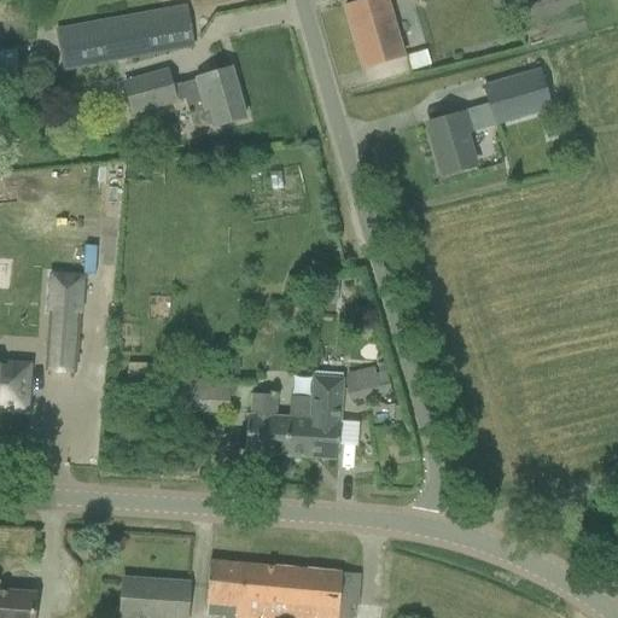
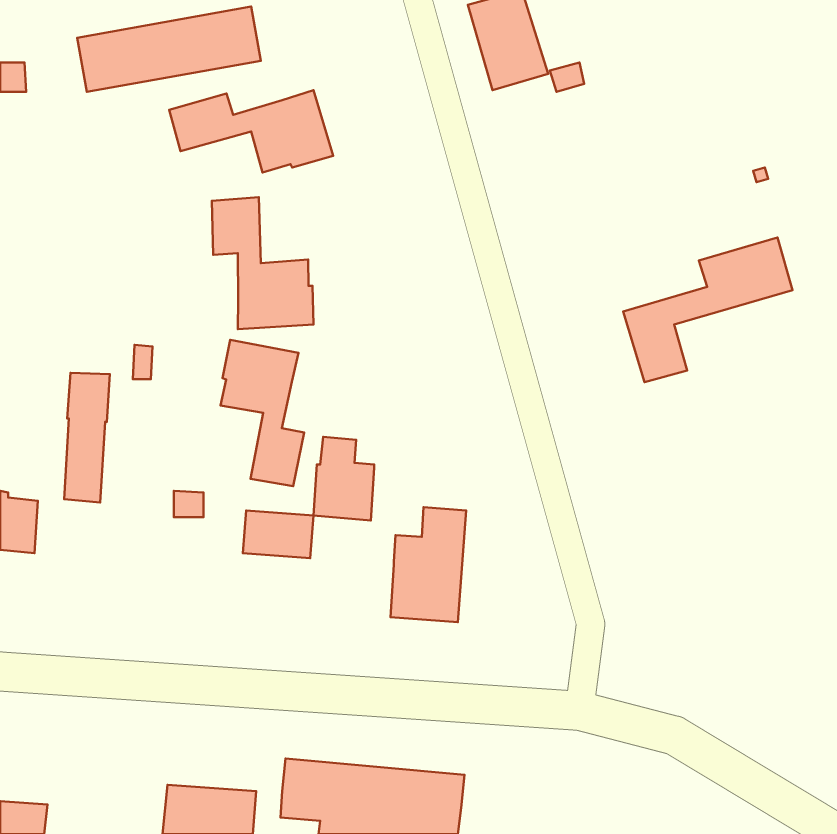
building: [428,66,553,173] -> [623,238,792,382]
building: none -> [212,197,314,329]
building: none -> [221,340,304,486]
building: [345,366,380,397] -> none
building: [246,392,291,454] -> [313,437,374,520]

